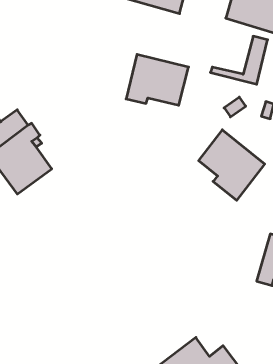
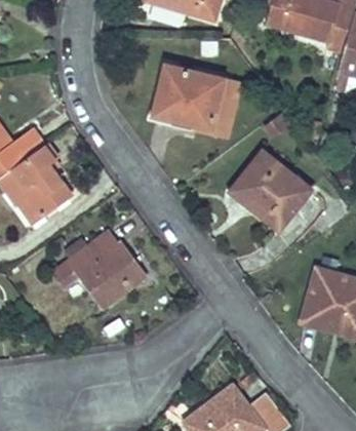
building: [210,36,268,84] -> [175,80,240,134]
building: none -> [51,232,145,308]

